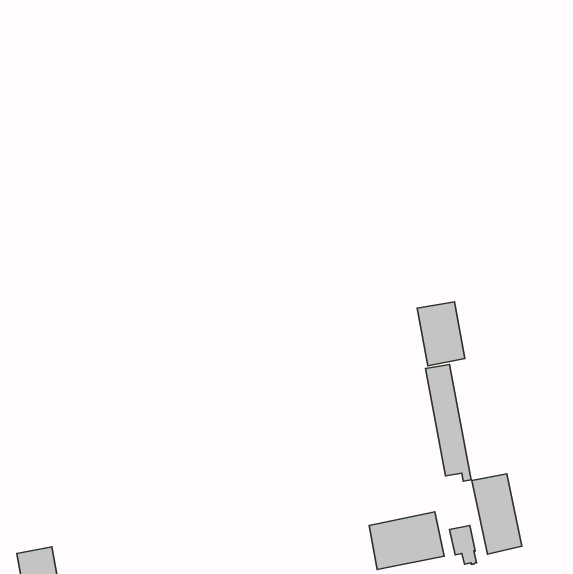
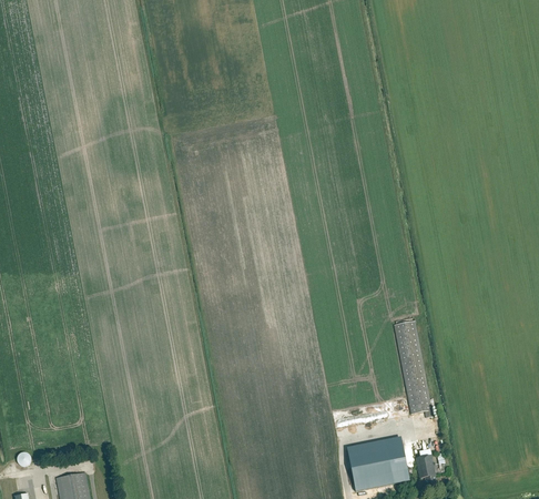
building: [417,302,465,366] -> none
building: [472,474,522,554] -> none

